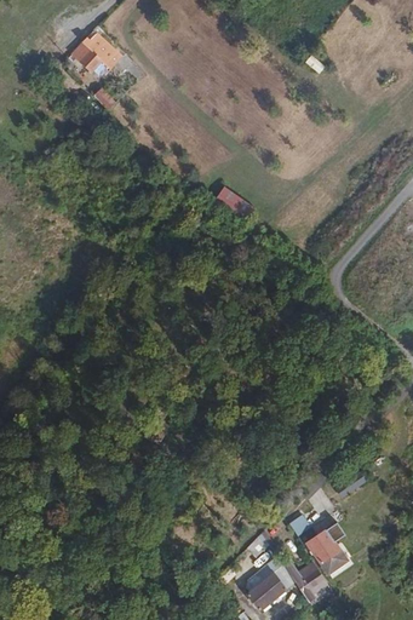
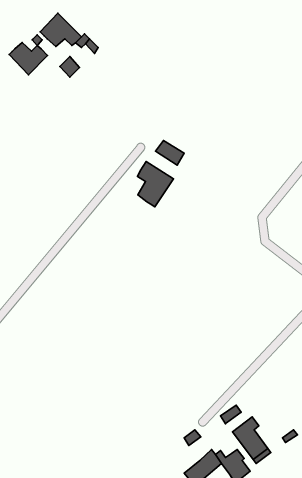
building: none -> [9,43,48,75]
building: none -> [137,162,173,207]

